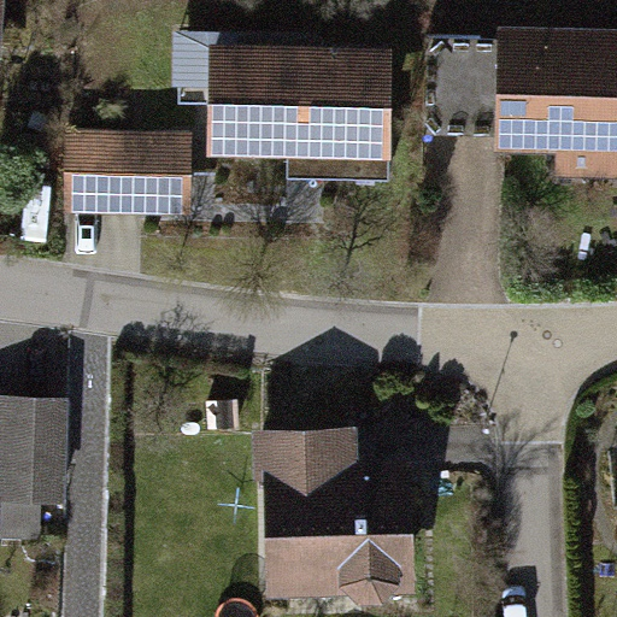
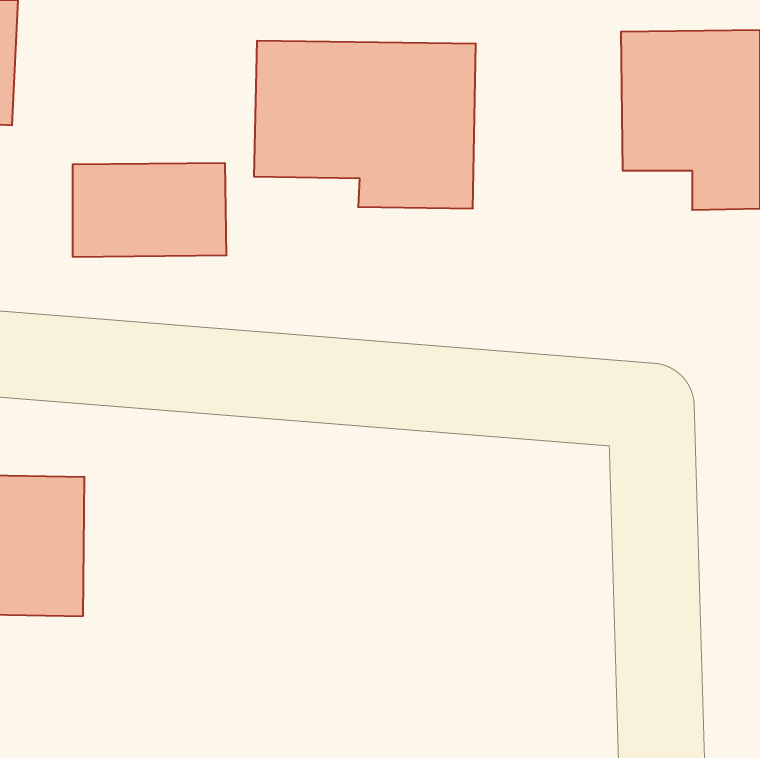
building: [268,435,418,588] -> none

